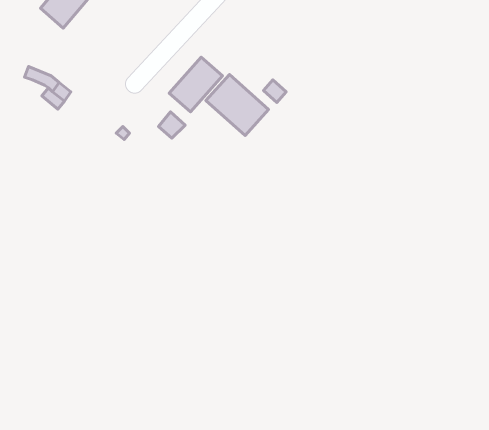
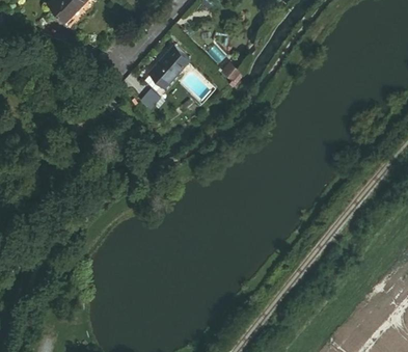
building: [206,75,269,135] -> none

